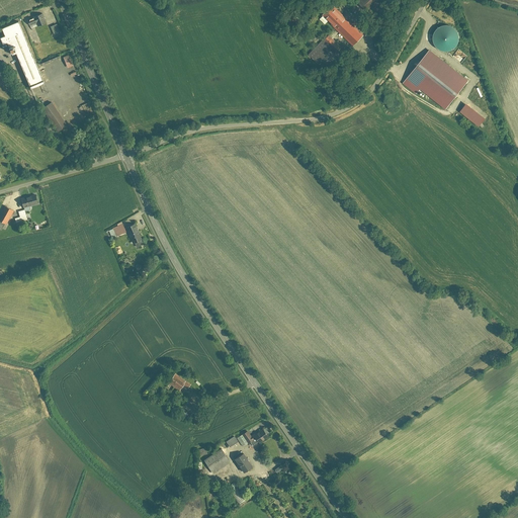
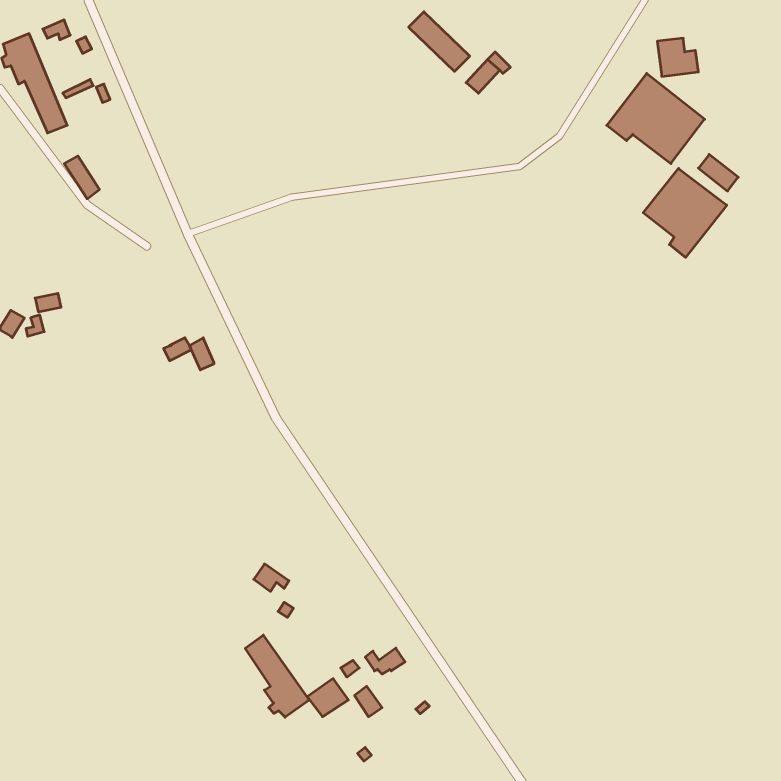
building: [323,6,363,46] -> [409,12,470,71]
building: none -> [643,168,727,257]
building: none -> [245,635,309,717]

